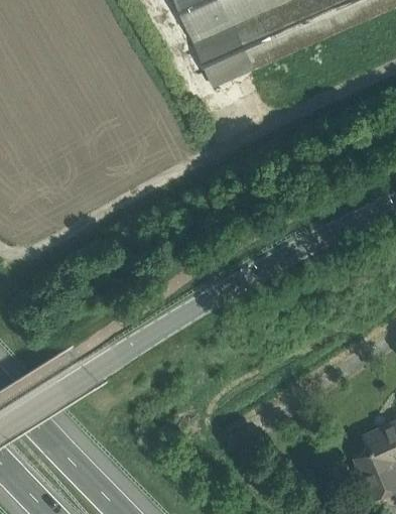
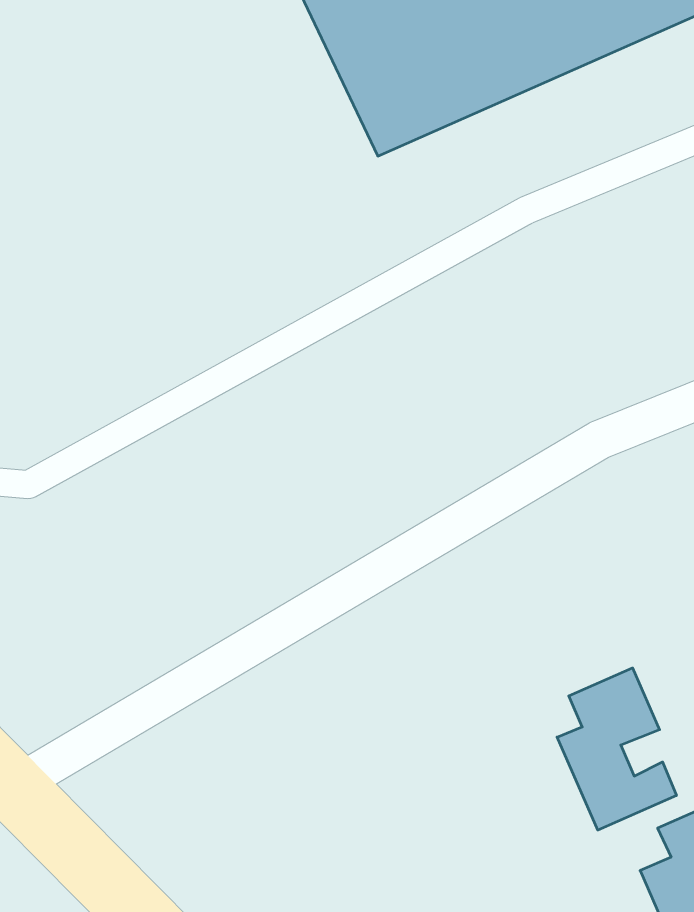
building: none -> [557,668,676,830]

